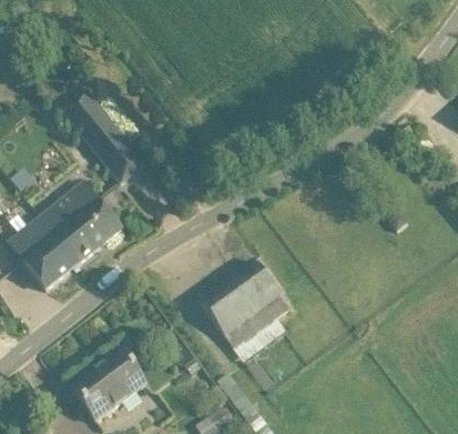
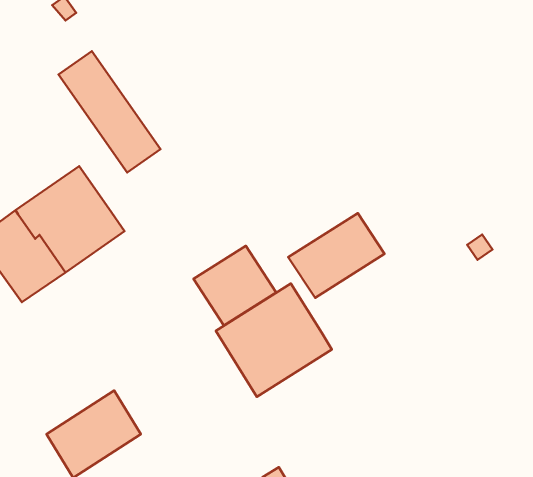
building: none -> [288,213,385,298]
building: none -> [193,246,276,326]

